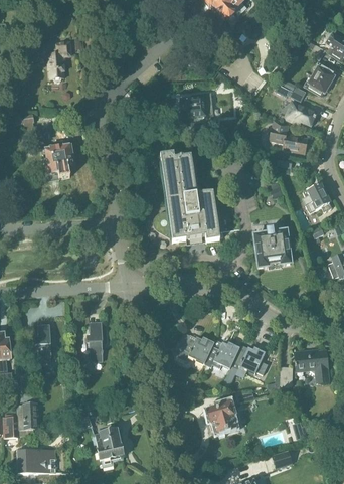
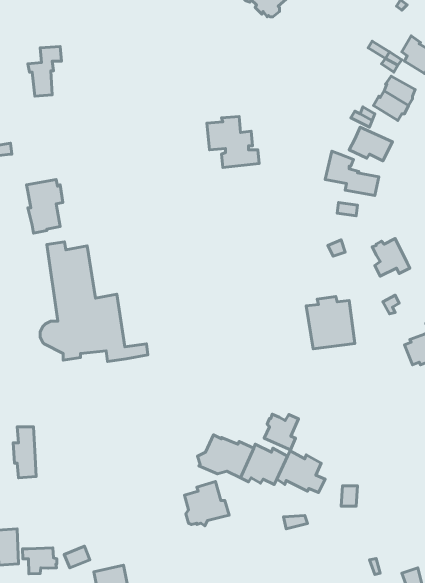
building: [155,152,235,241] -> [40,242,148,361]
building: none -> [264,414,299,450]
building: [85,323,103,360] -> none
building: [294,348,329,382] -> none
building: [206,400,239,434] -> [185,482,229,526]
building: none -> [22,548,57,574]

